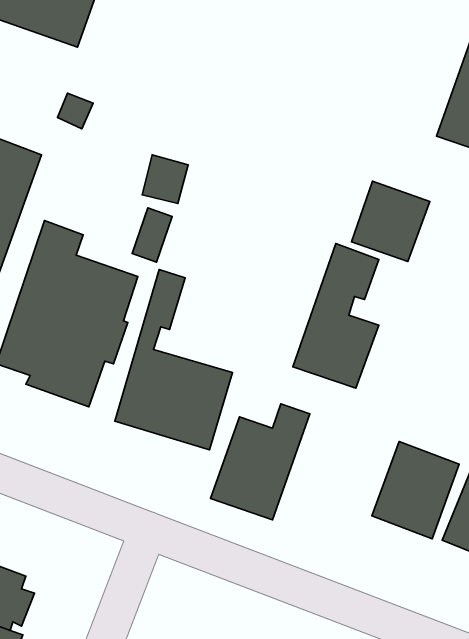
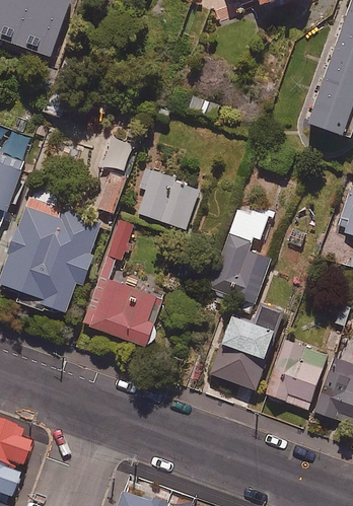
building: [351,181,430,261] -> none
building: none -> [135,169,199,229]
building: [211,404,310,520] -> [212,307,282,389]

